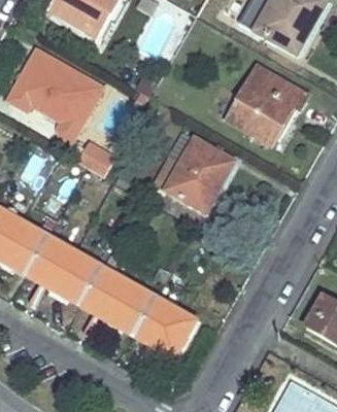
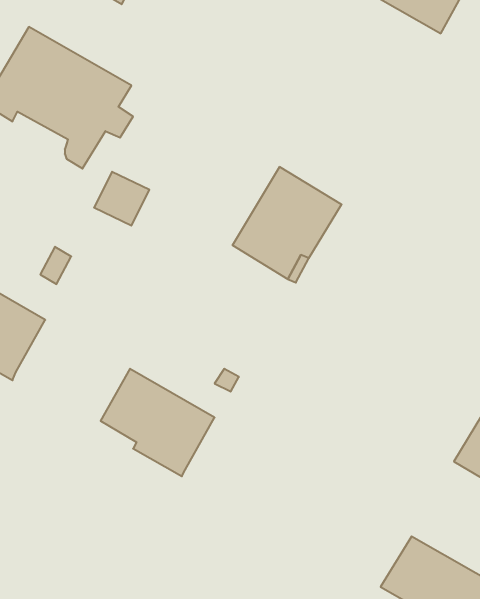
building: [226,66,307,142] -> none
building: [28,235,100,304] -> none
building: [135,297,196,357] -> none

